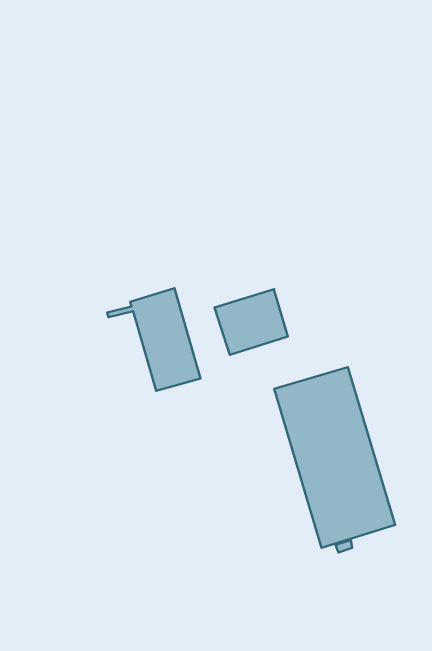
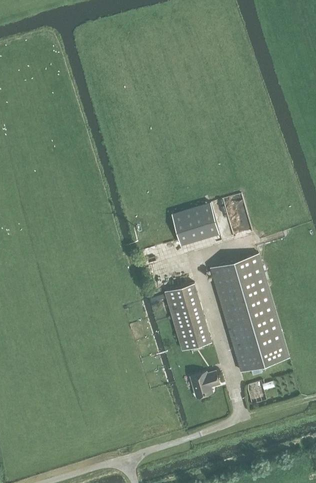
building: [107,288,200,391] -> [150,284,211,351]
building: none -> [190,372,220,398]

